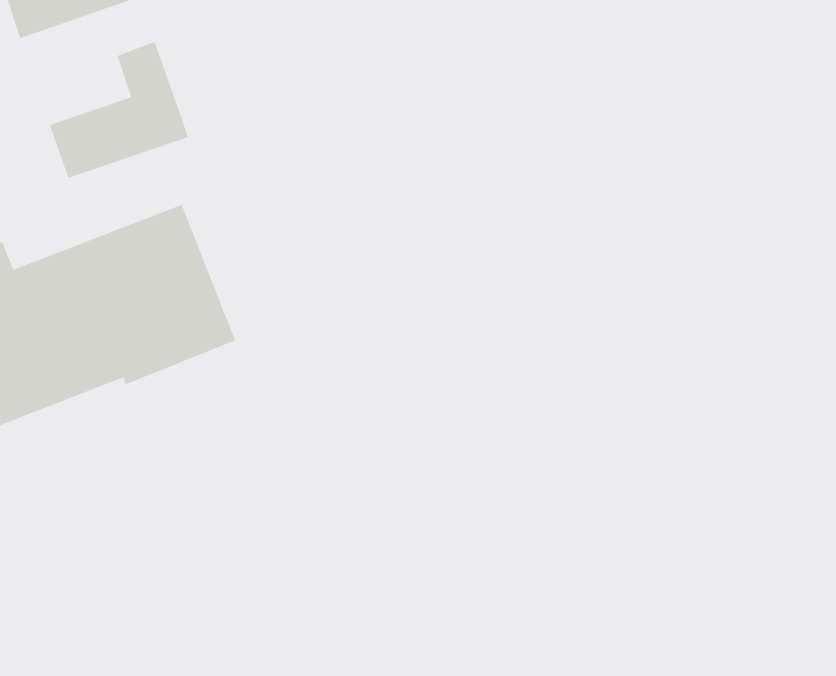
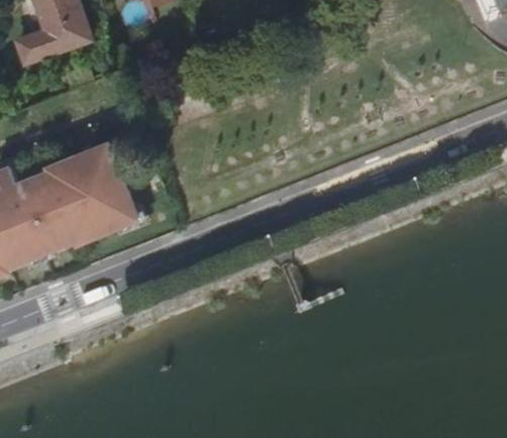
building: [49,41,189,179] -> none

